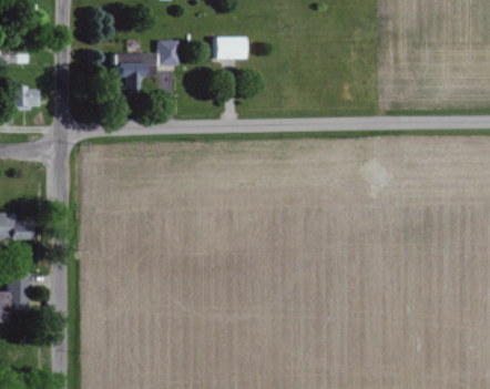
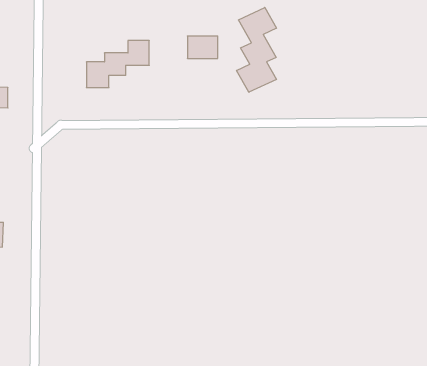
building: none -> [237,7,276,92]

